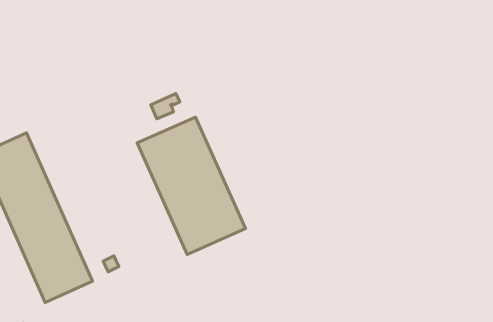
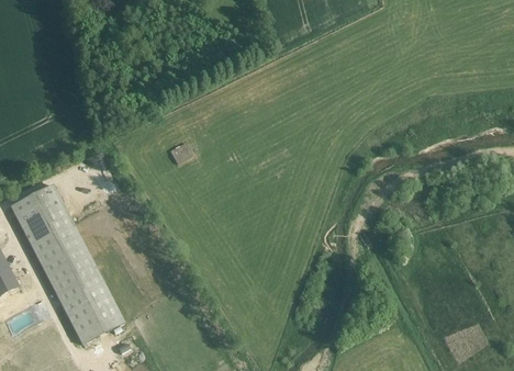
building: [137,117,245,254] -> none

